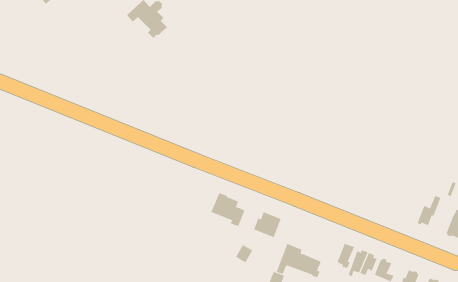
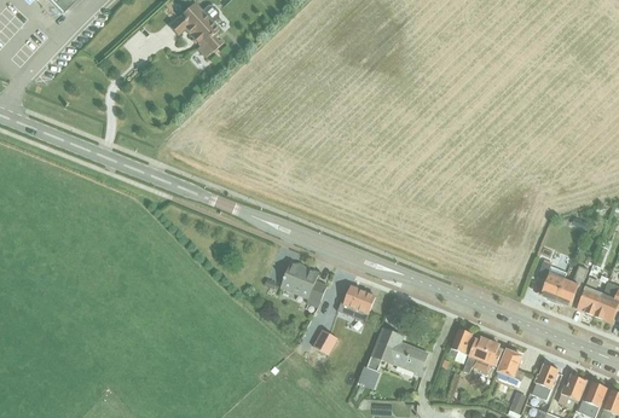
building: none -> [537,259,567,302]
building: none -> [577,278,602,317]

